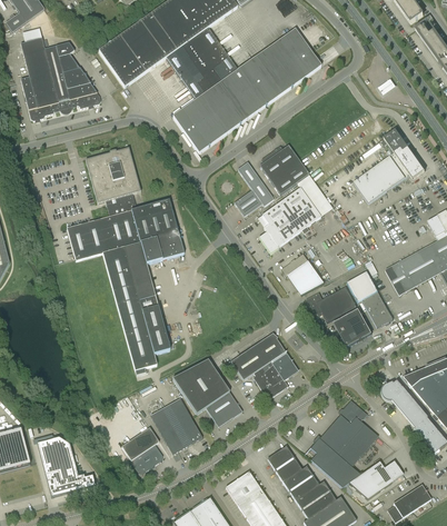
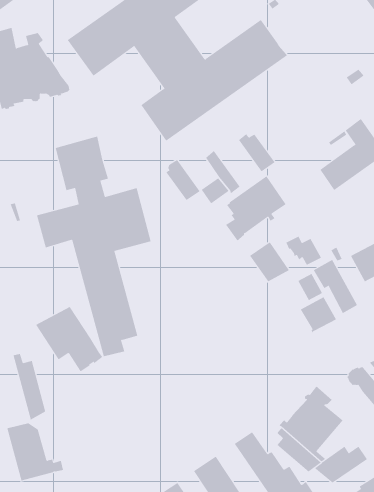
building: [259,151,295,193] -> [165,159,200,201]
building: [306,291,342,321] -> [286,236,322,266]
building: [230,333,297,397] -> none
building: [172,359,241,426] -> [35,306,103,372]
building: none -> [13,353,46,420]
building: [150,398,202,454] -> none
building: [121,427,161,472] -> none

